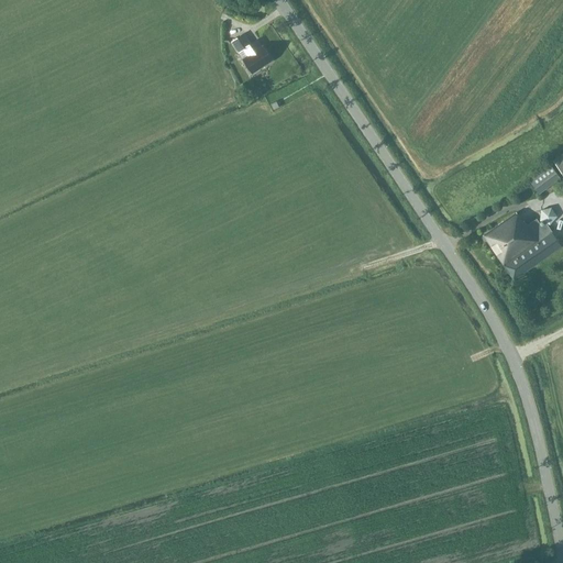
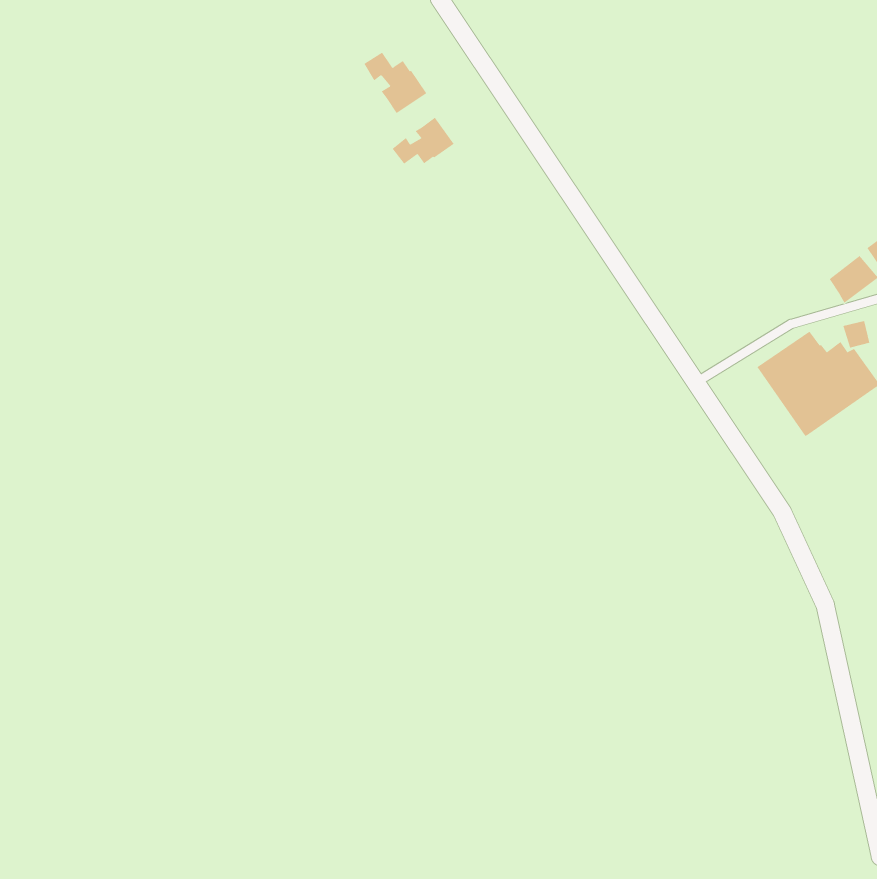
building: none -> [392,117,455,165]

